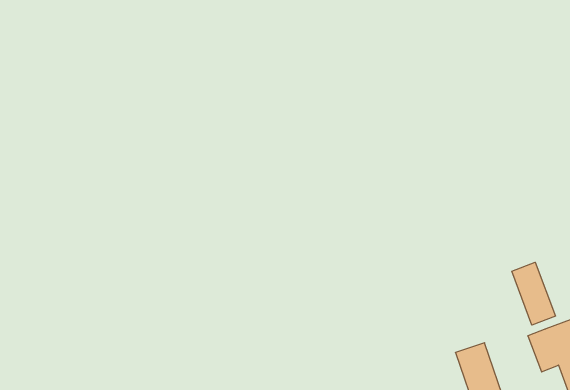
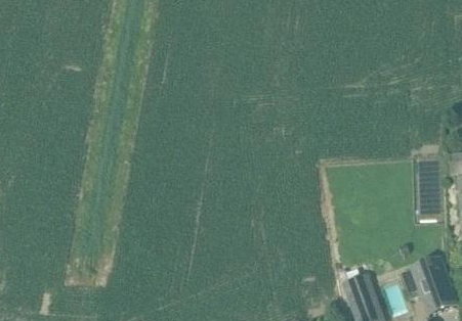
building: [512,262,555,325] -> none

